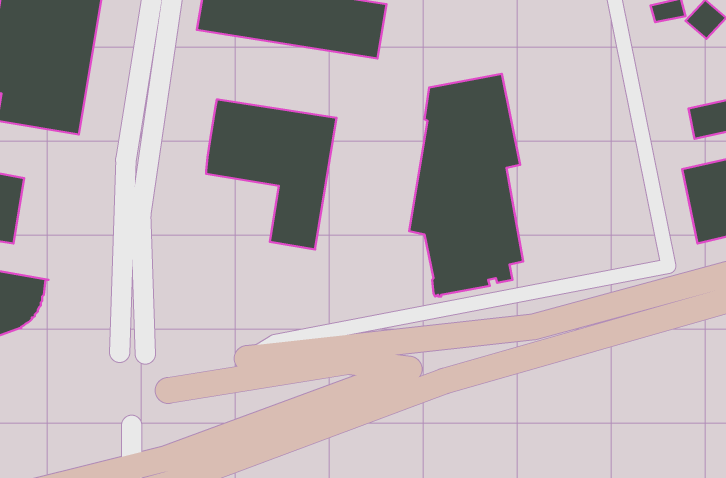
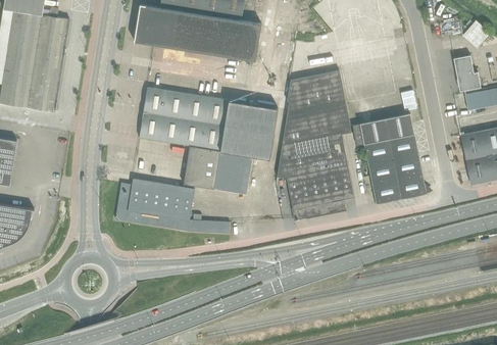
building: none -> [453,55,480,91]
building: none -> [213,100,278,193]
building: none -> [352,113,427,203]
building: none -> [115,179,230,233]

